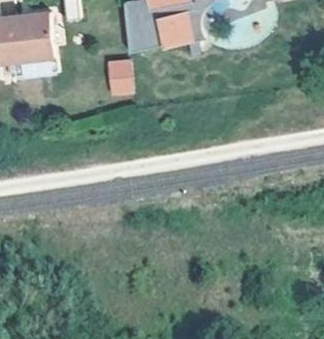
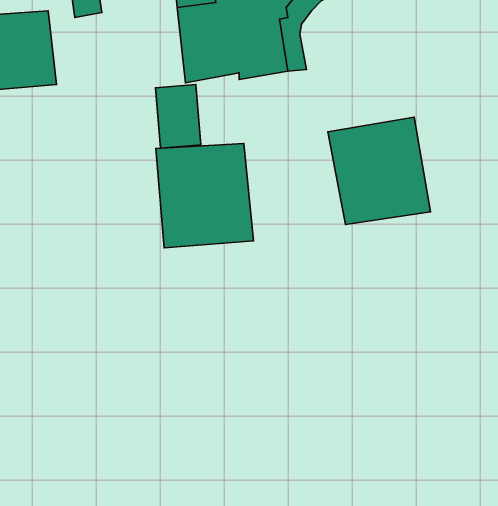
building: none -> [328,117,430,224]
building: none -> [156,143,254,248]

